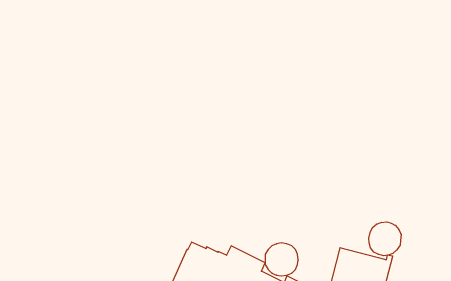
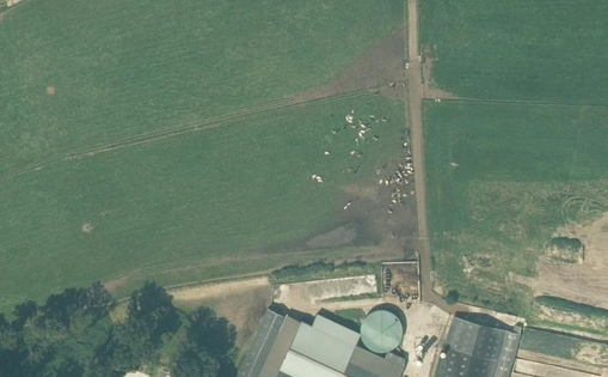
building: [369,222,401,256] -> none

